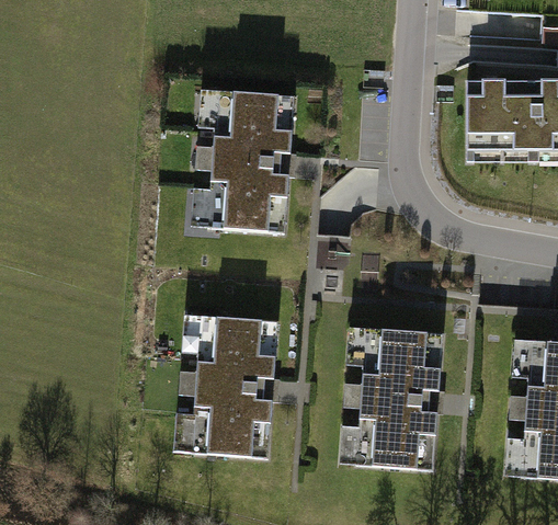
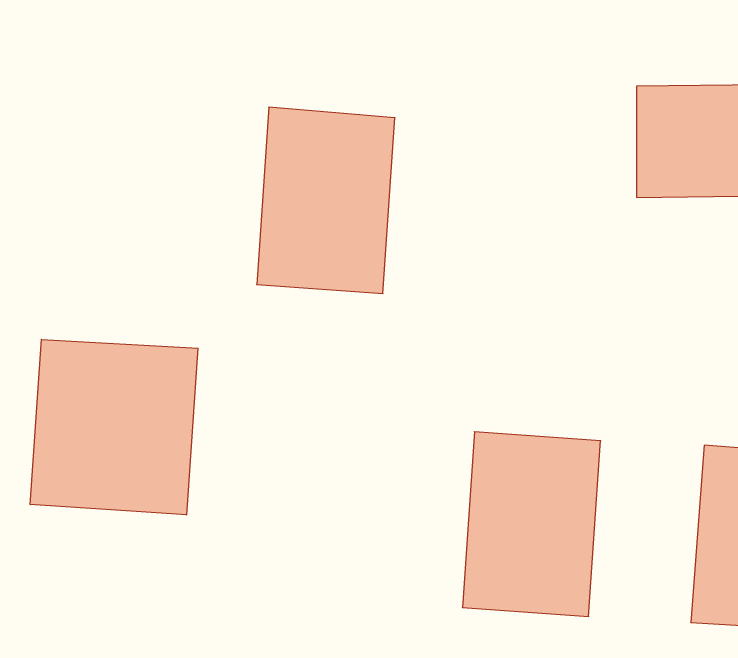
building: none -> [30,339,198,515]
building: [180,316,281,452] -> none

